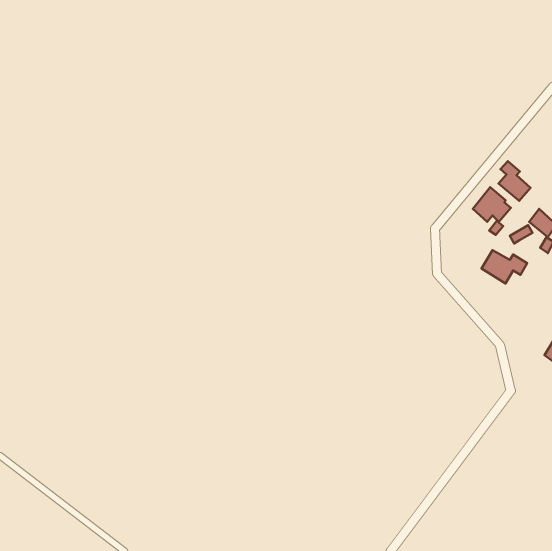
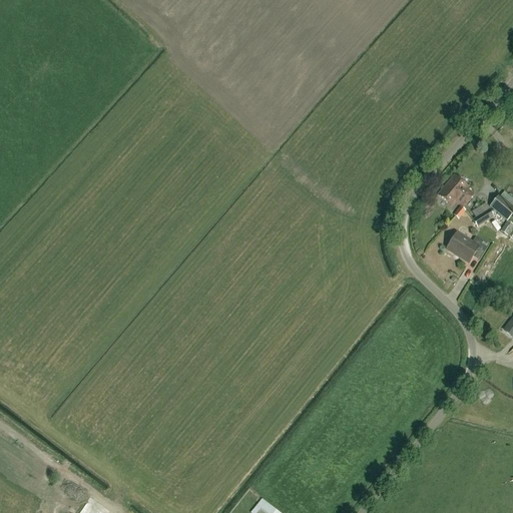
building: [499,161,531,201] -> none

